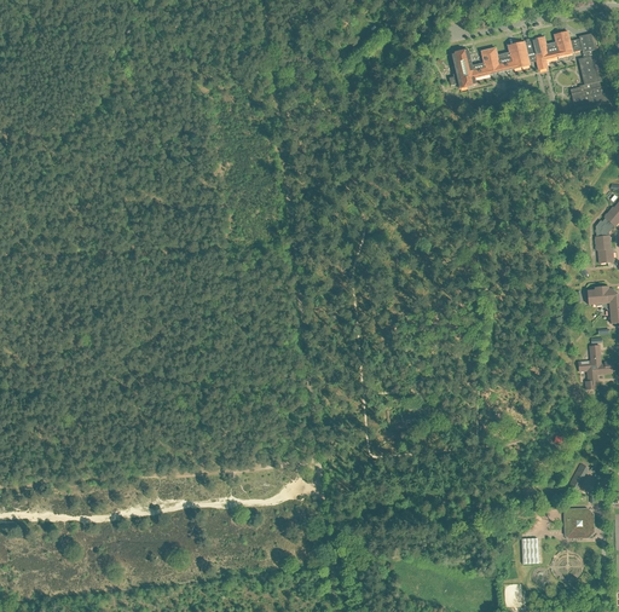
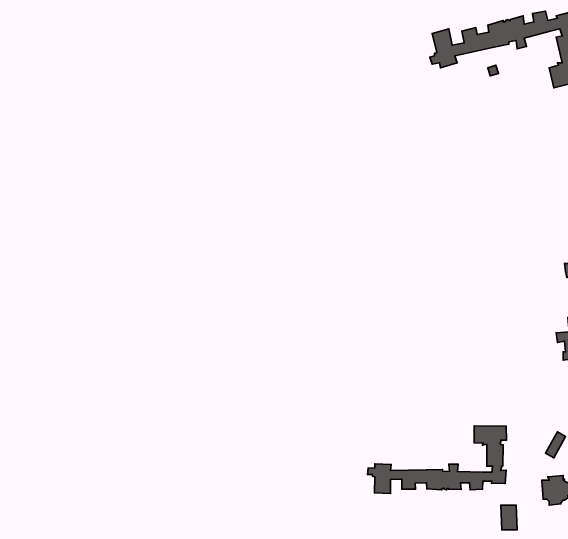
building: none -> [367,426,506,494]

